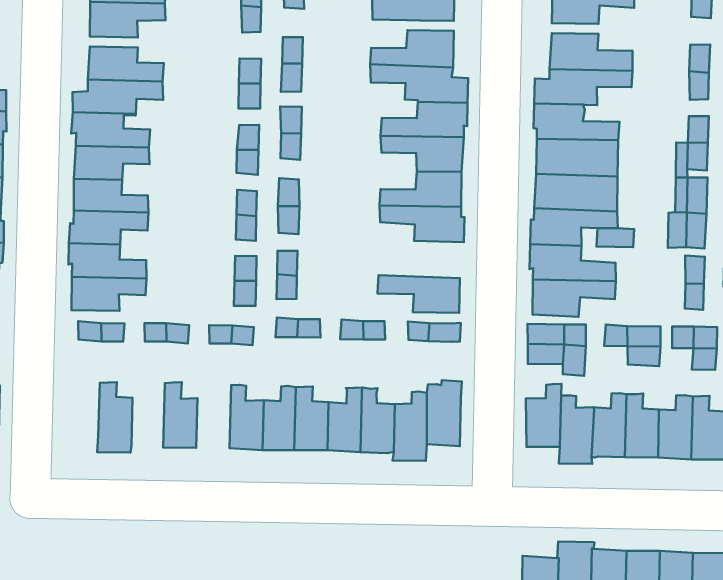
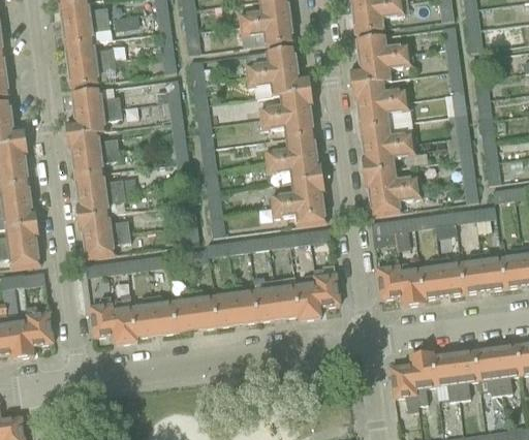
building: none -> [271,178,323,207]
building: none -> [89,294,114,337]
building: none -> [131,294,155,337]
building: none -> [172,289,196,332]

